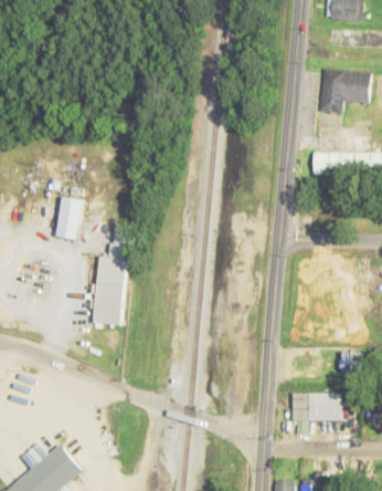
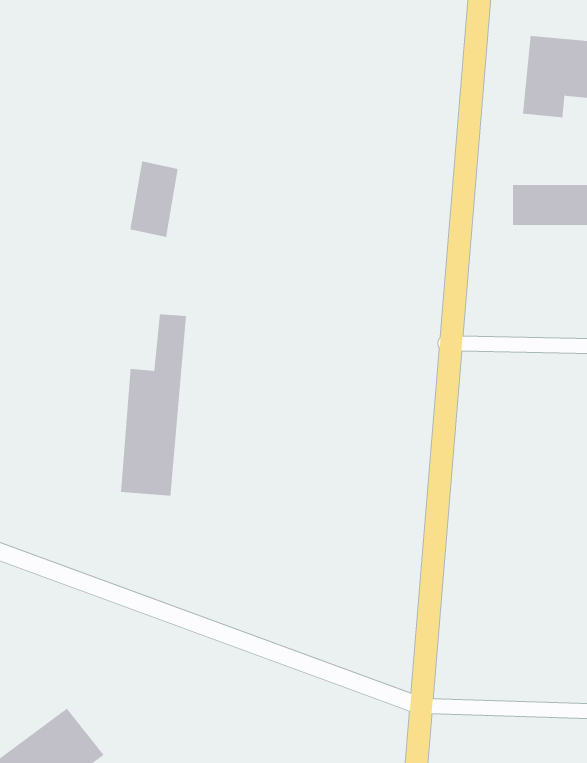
building: [56,197,84,240] -> [130,161,179,237]
building: [291,393,341,433] -> none

